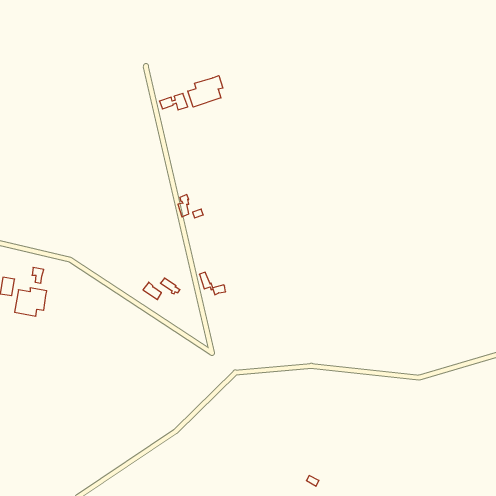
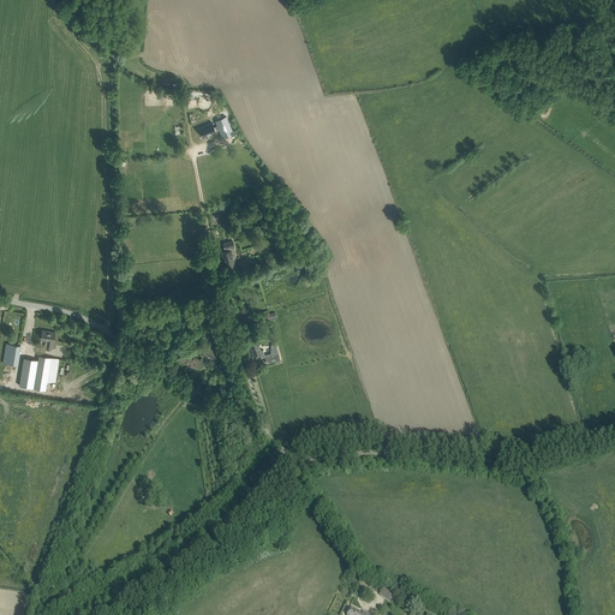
building: [188,76,223,107] -> none

